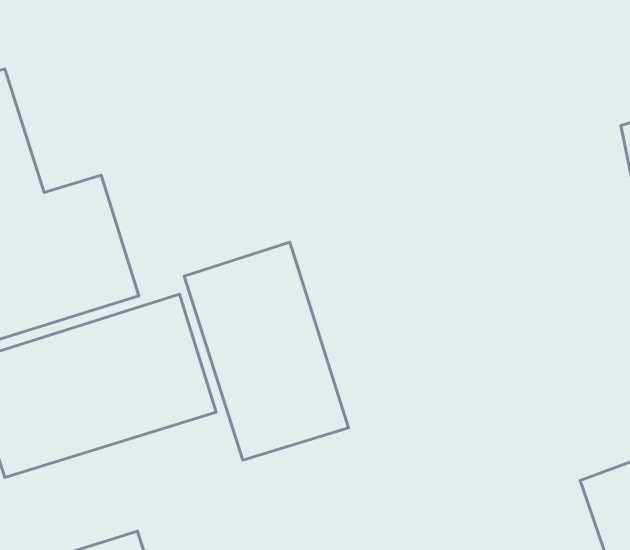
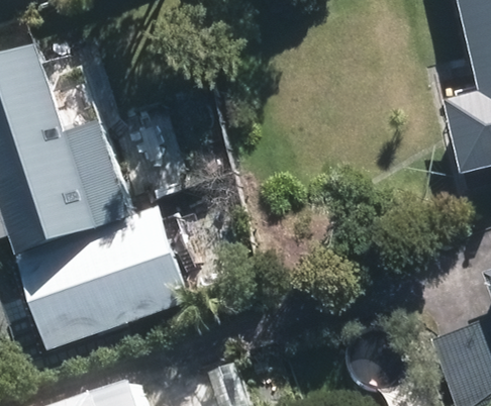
building: [184,242,349,460] -> none

